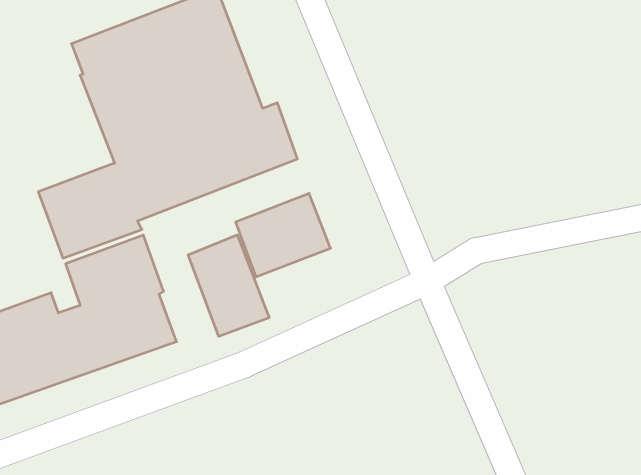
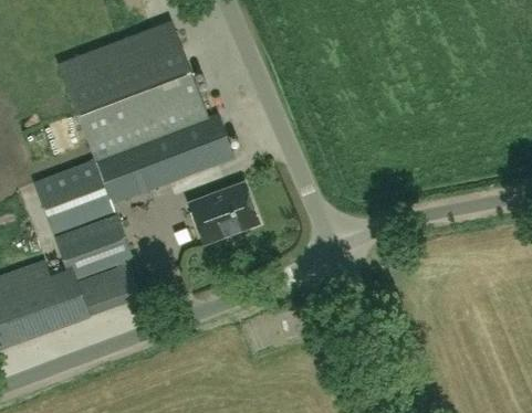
building: [188,235,269,336] -> none

